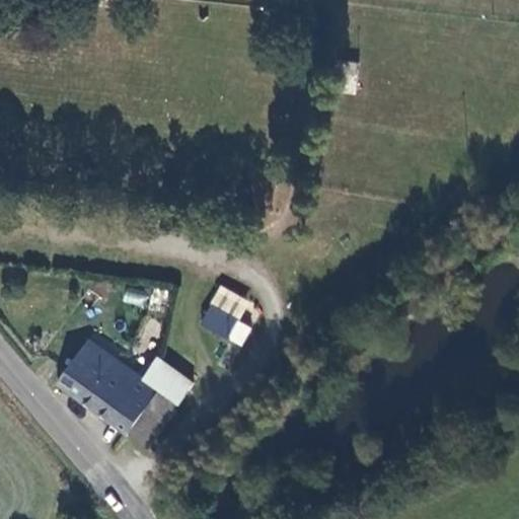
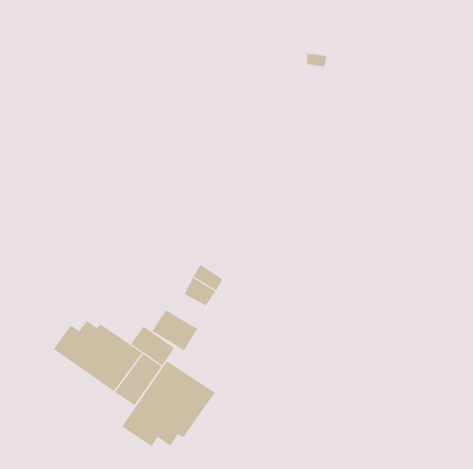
building: none -> [151,309,198,352]
building: none -> [121,361,216,447]

